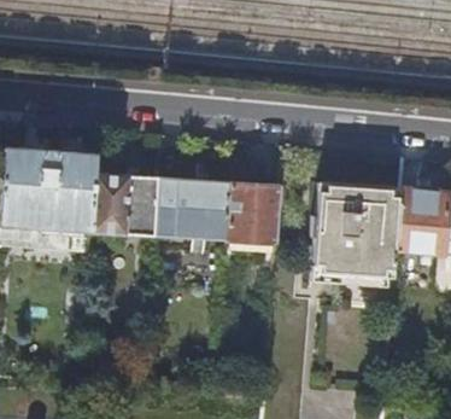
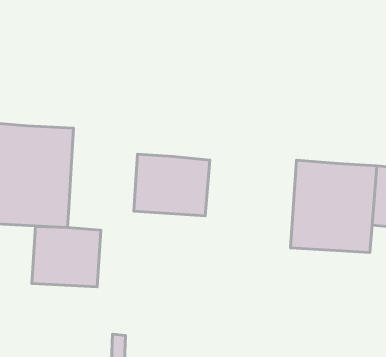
building: [92,174,162,235] -> [32,226,101,287]
building: [230,184,285,244] -> none

